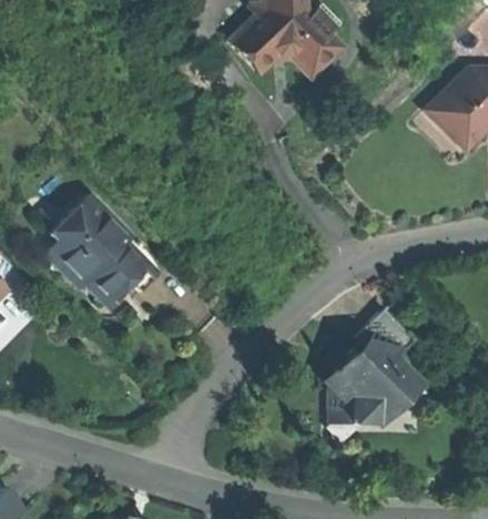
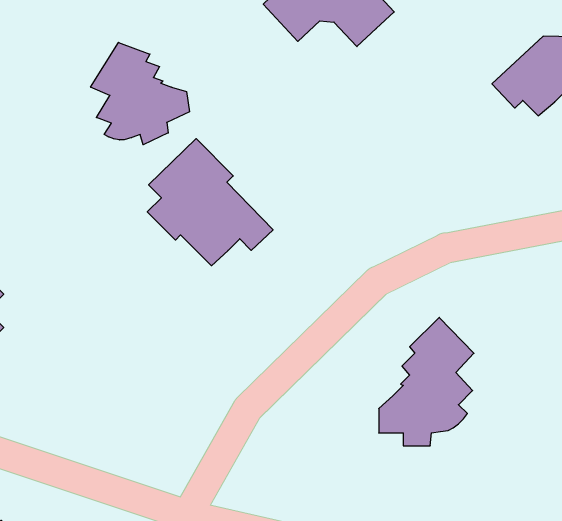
building: none -> [91,42,190,145]
building: [48,196,156,306] -> [147,139,273,266]

